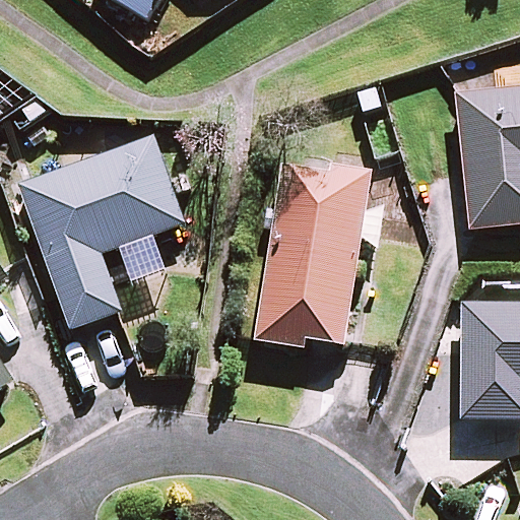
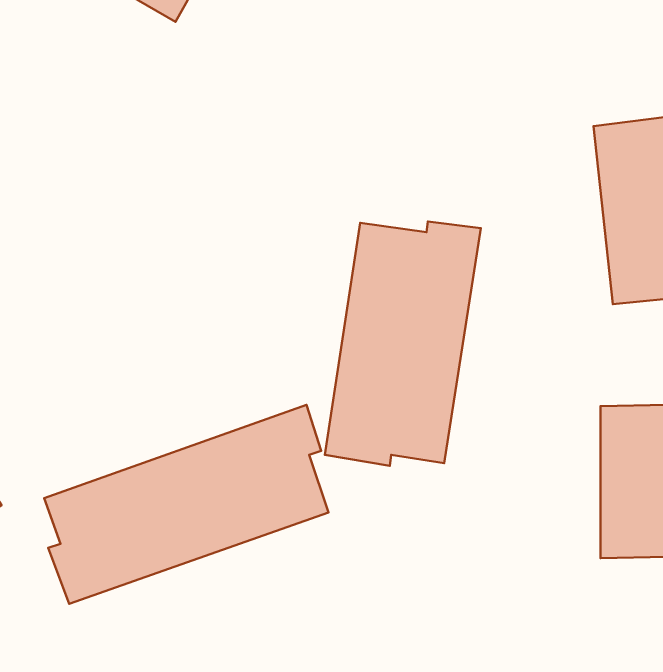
building: [18,135,186,327] -> none
building: none -> [44,405,329,604]

